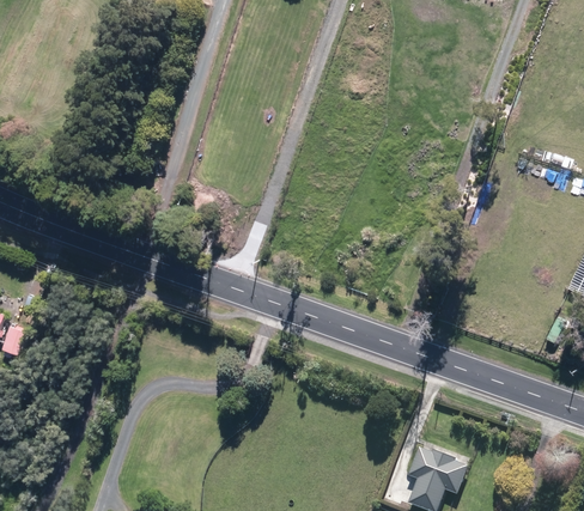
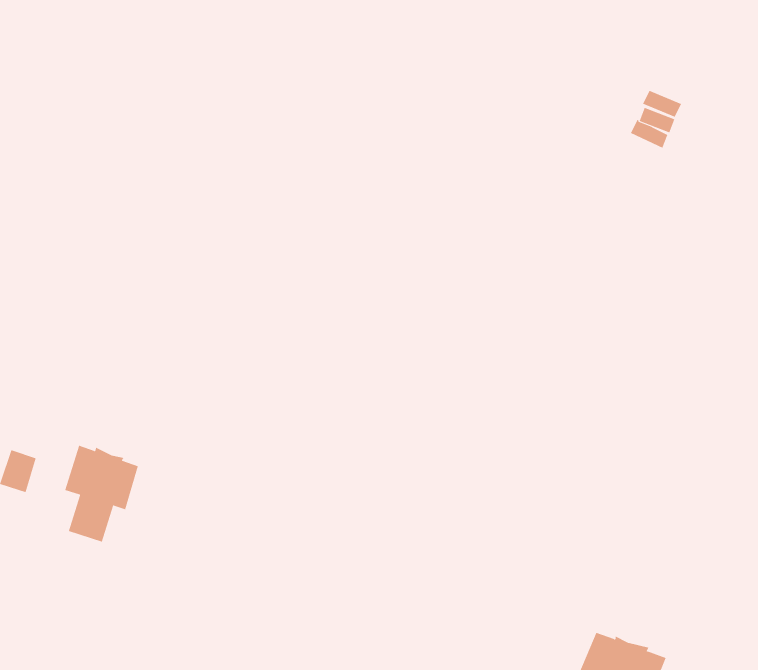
building: none -> [64,445,139,543]

